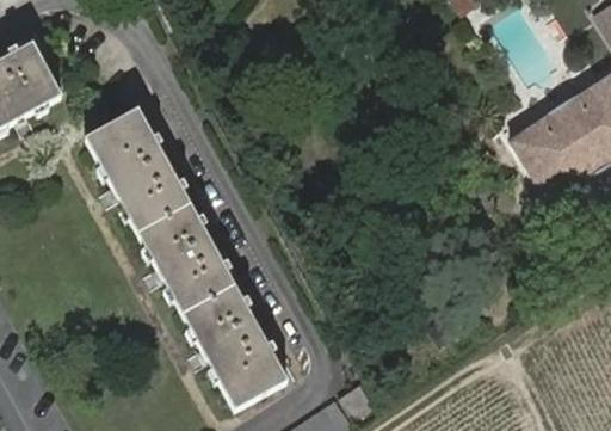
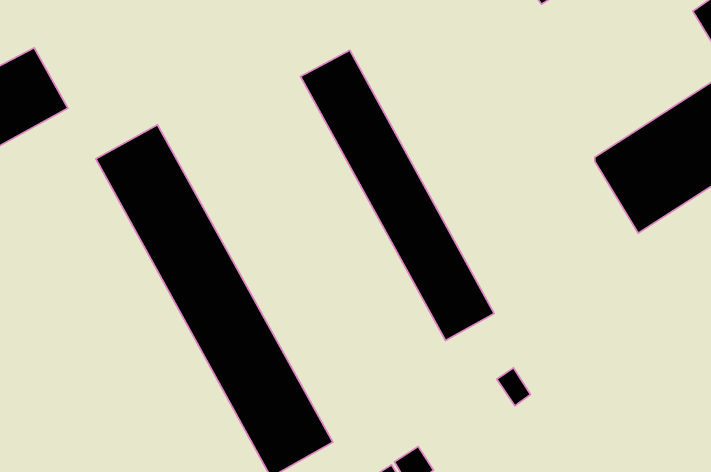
building: none -> [300,50,494,340]

